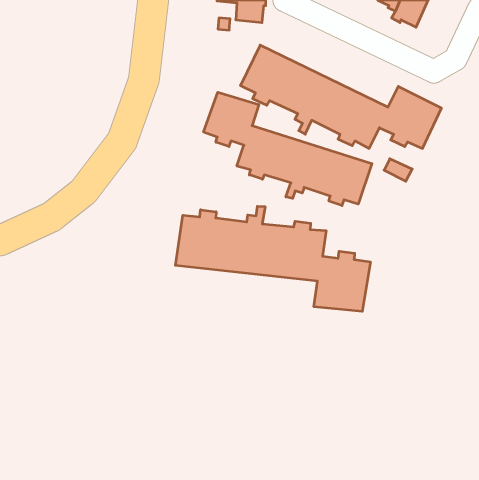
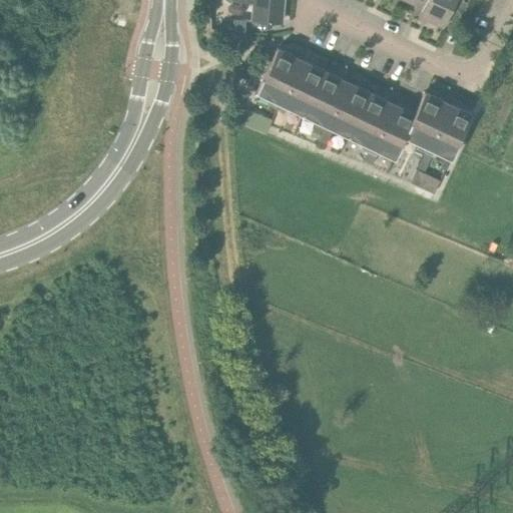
building: [204,92,372,206] -> none
building: [175,206,370,311] -> none

